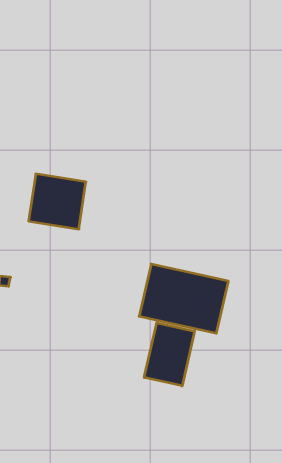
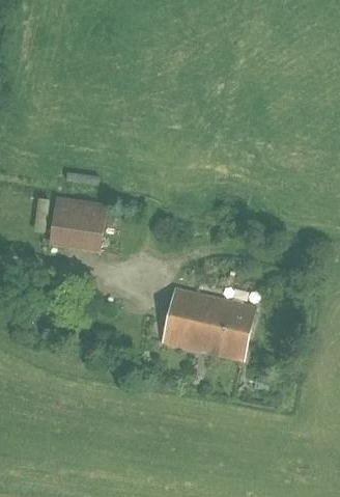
building: [144,323,195,386] -> none

